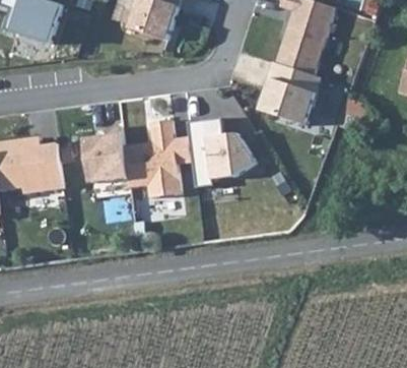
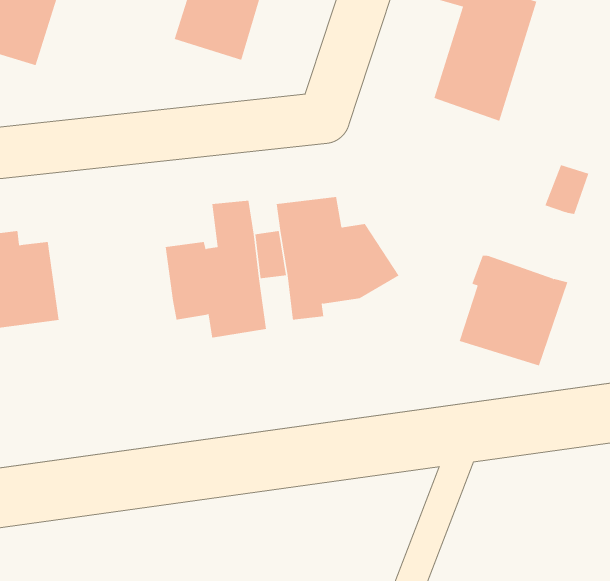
building: [260,62,322,125] -> [459,255,568,366]
building: [85,127,128,182] -> none

